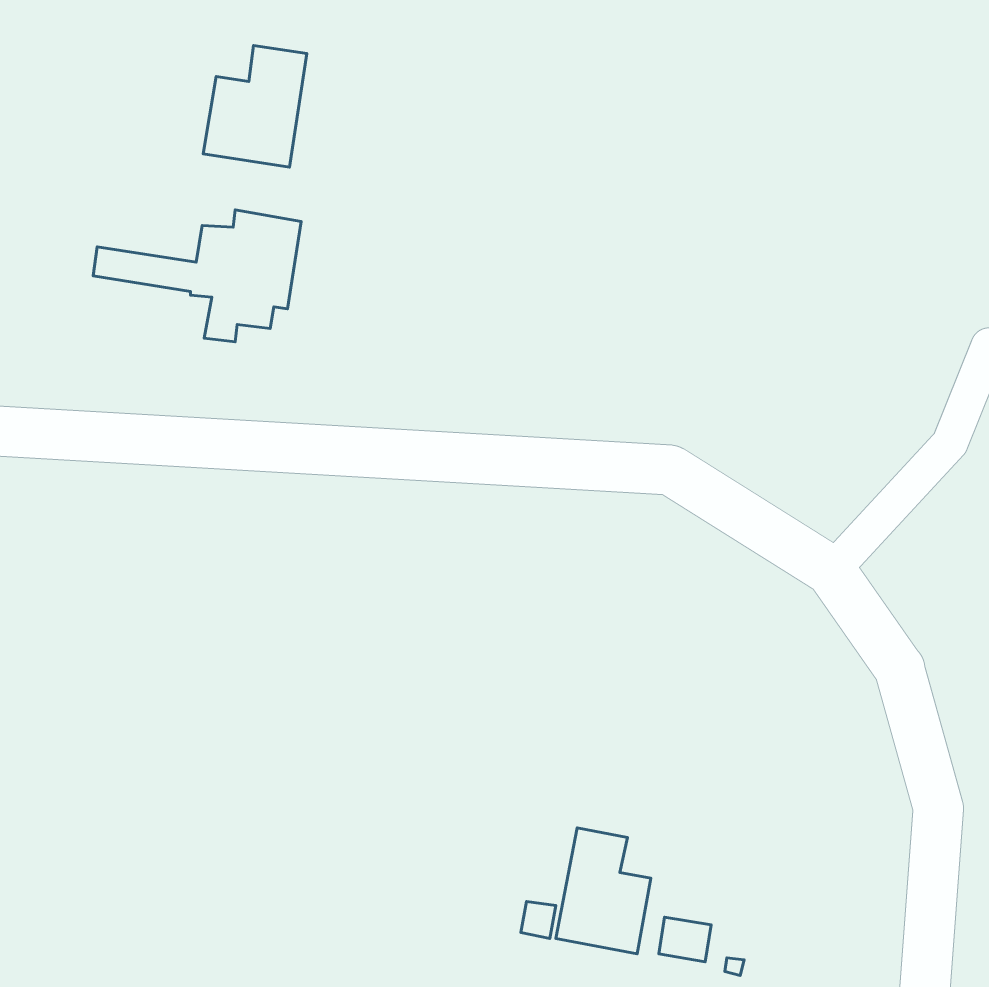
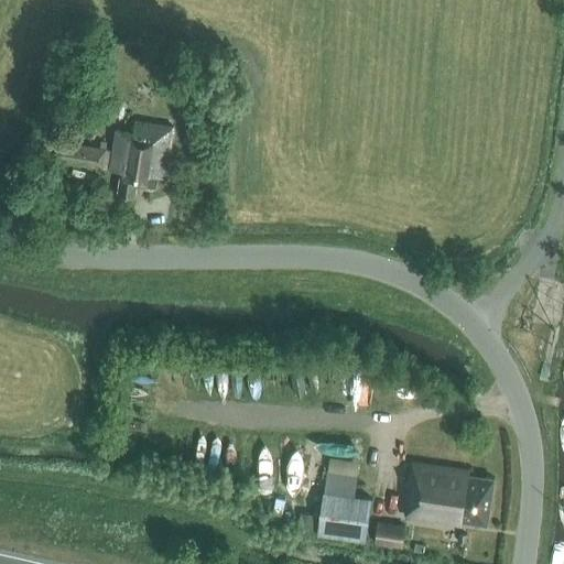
building: [203,45,307,167] -> none
building: none -> [411,459,498,522]

